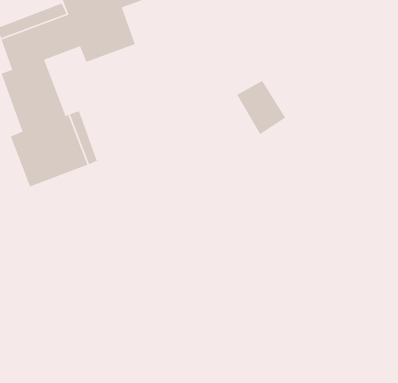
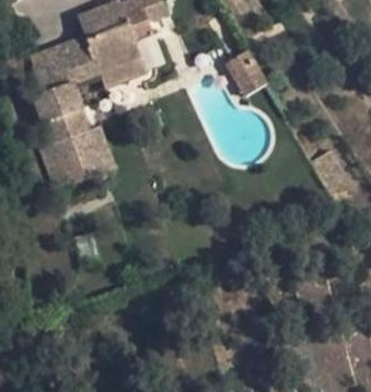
building: [236,80,286,135] -> [224,51,266,97]

